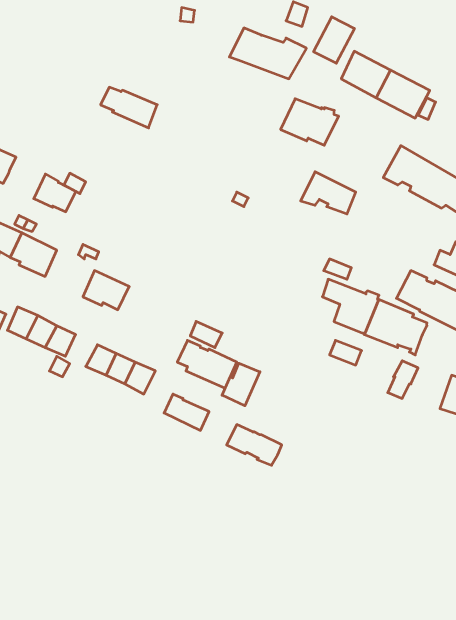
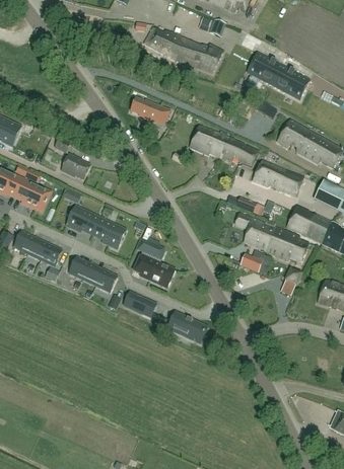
building: none -> [143,26,180,58]
building: [314,17,354,63] -> none
building: [101,87,157,128] -> [129,98,168,127]
building: [281,99,339,145] -> [189,126,229,158]
building: [34,174,76,212] -> [61,154,90,180]
building: none -> [252,160,302,197]
building: none -> [91,218,125,248]
building: [222,363,260,406] -> none

